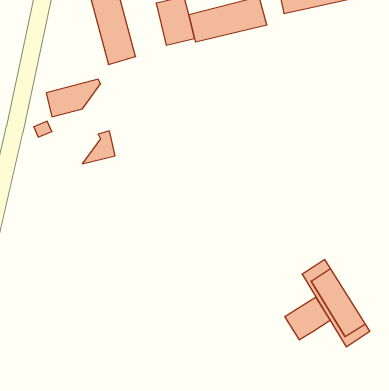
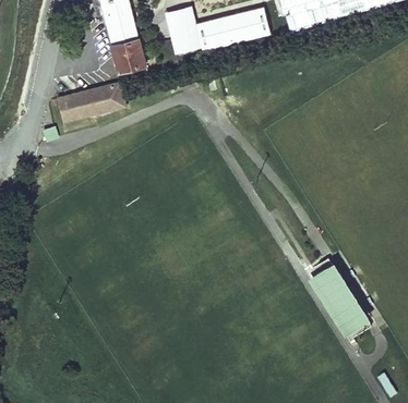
building: [82,131,115,164] -> [94,83,125,114]
building: [285,297,330,340] -> none

